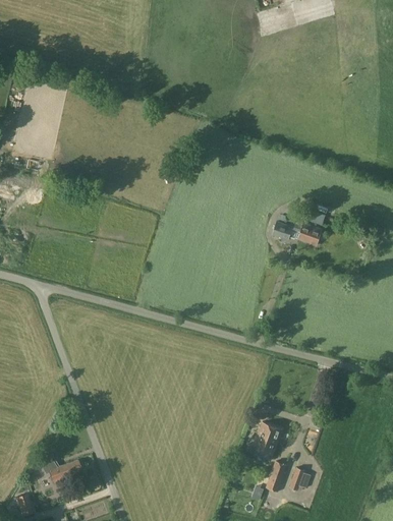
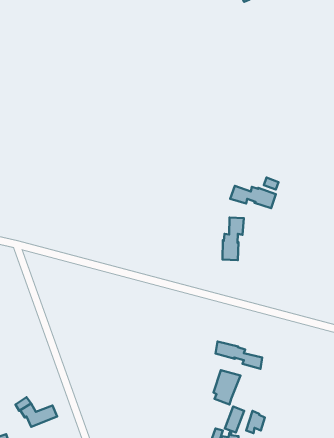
building: none -> [223,218,244,260]
building: none -> [216,342,262,369]

